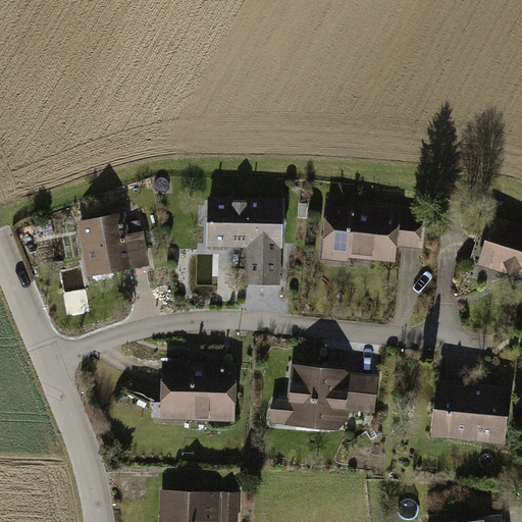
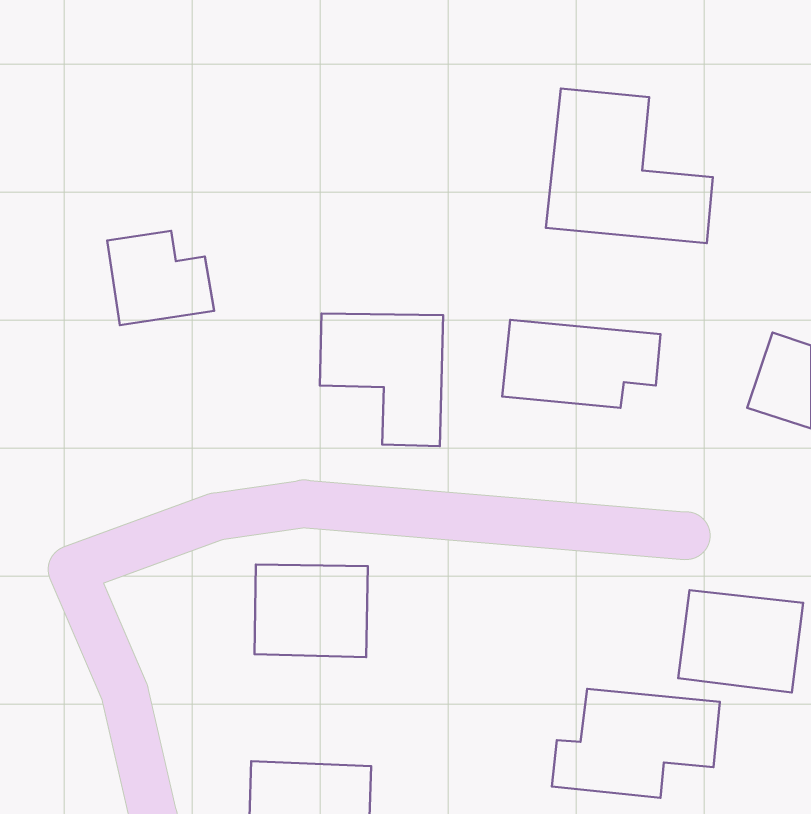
building: none -> [546,88,713,243]
building: [79,215,147,275] -> [107,231,214,325]
building: [270,363,377,432] -> [552,689,720,798]

